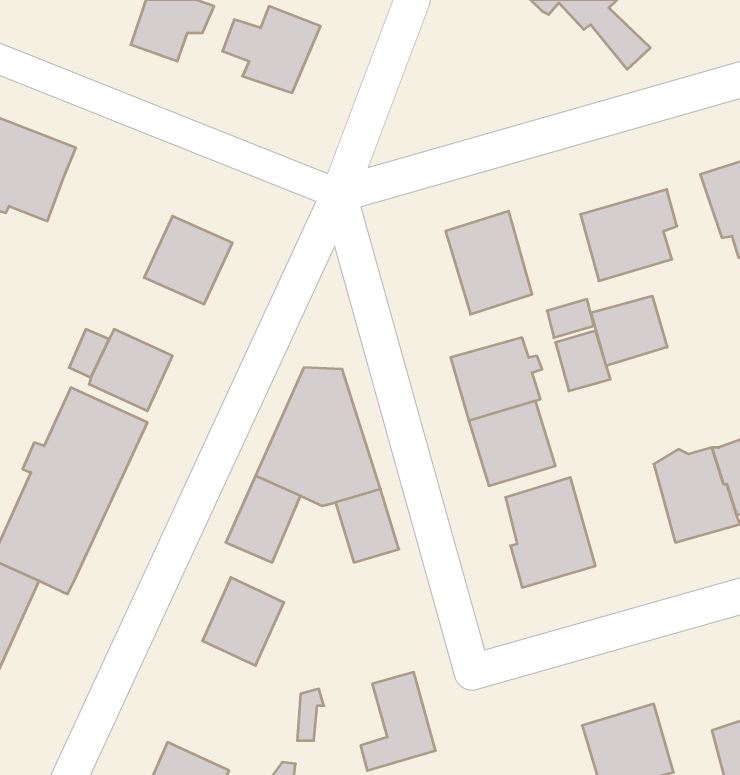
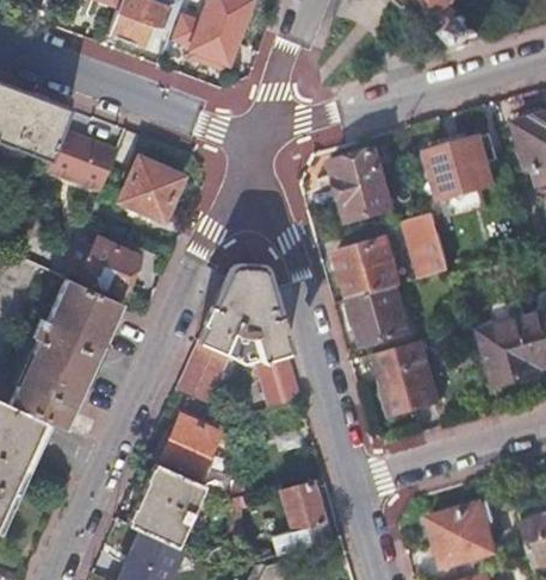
building: none -> [44,126,116,191]
building: [591,296,667,366] -> none
building: none -> [126,462,201,544]

